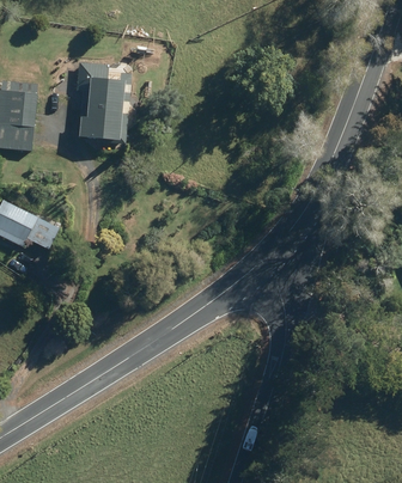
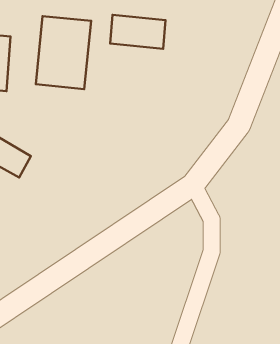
building: none -> [110,15,165,49]

